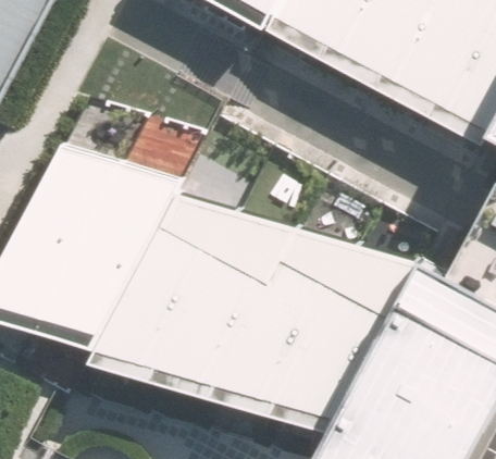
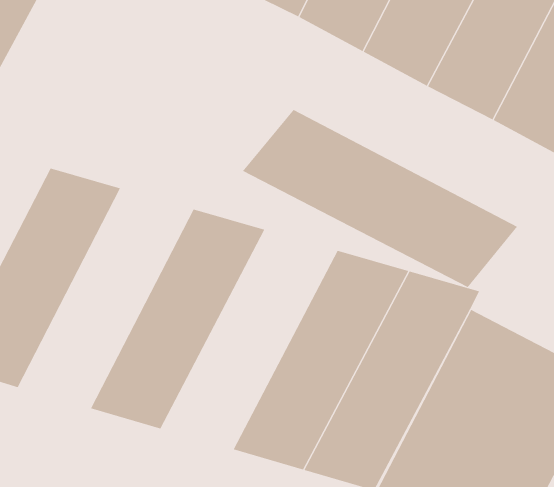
building: none -> [242,109,518,288]
building: [30,168,178,353] -> none
building: [151,202,300,388] -> none

